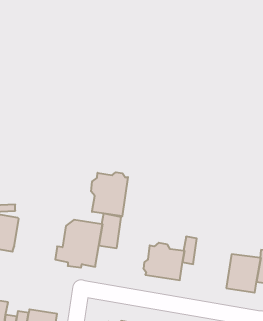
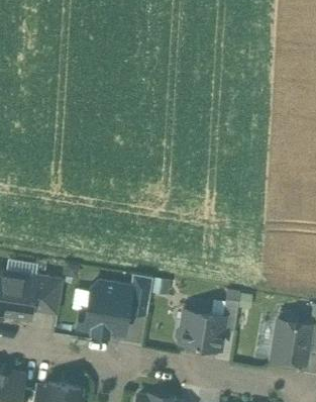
building: [91,172,128,216] -> none
building: none -> [31,275,63,315]

